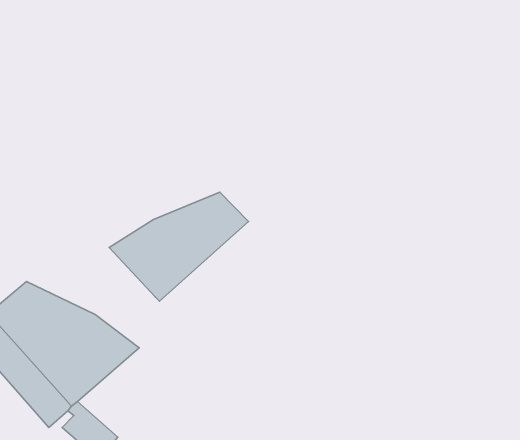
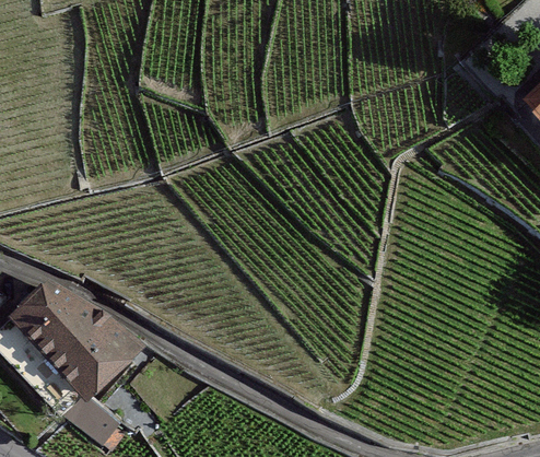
building: [109,192,248,301] -> none

